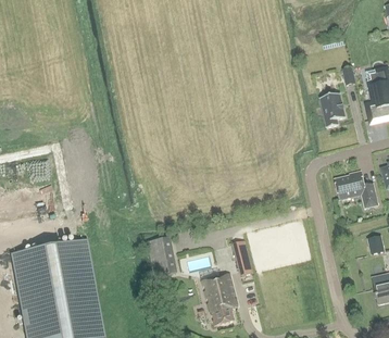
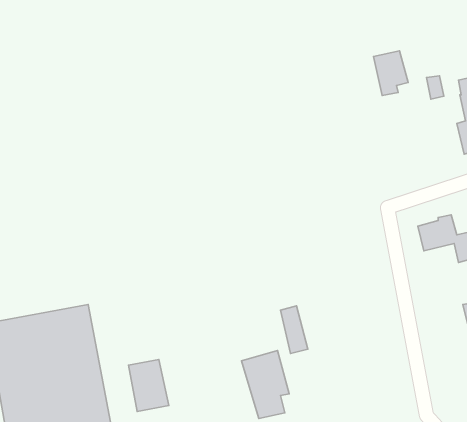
building: [319,92,346,126] -> [373,51,408,96]
building: [147,236,177,275] -> [128,359,169,411]

